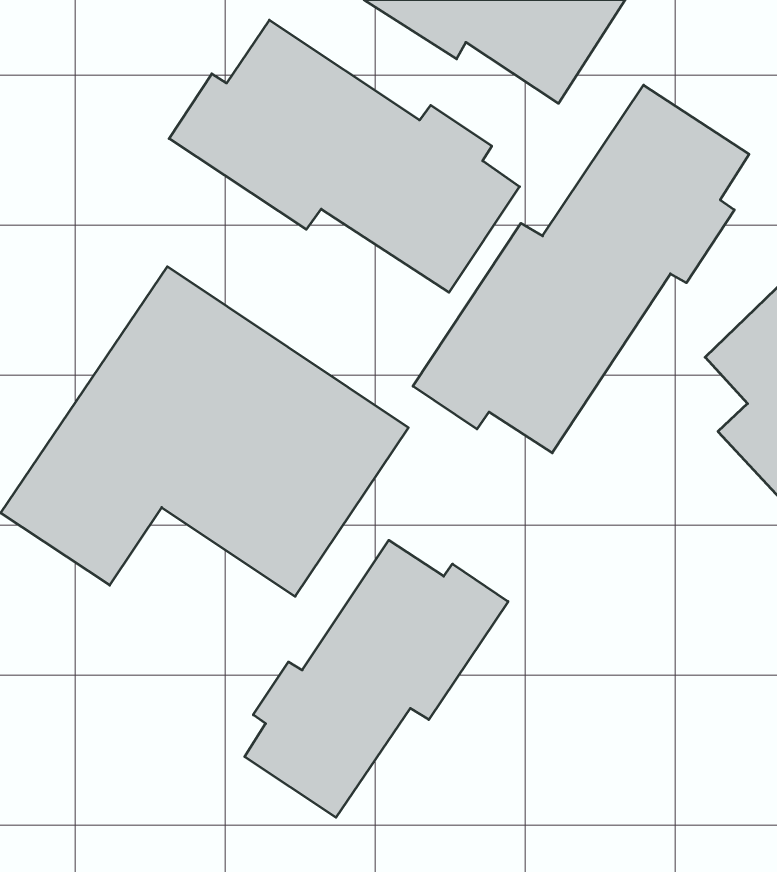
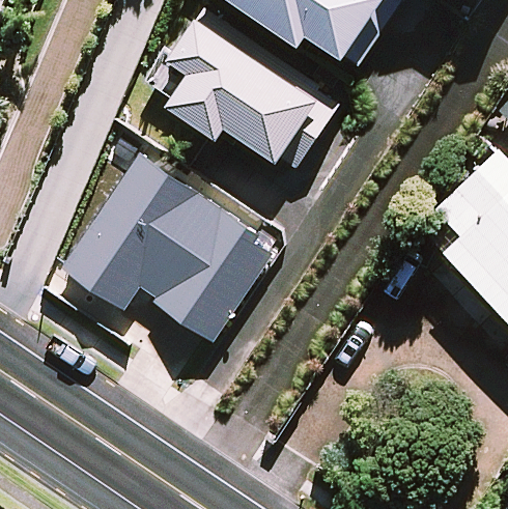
building: [413,85,749,453] -> none
building: [245,540,508,817] -> none

